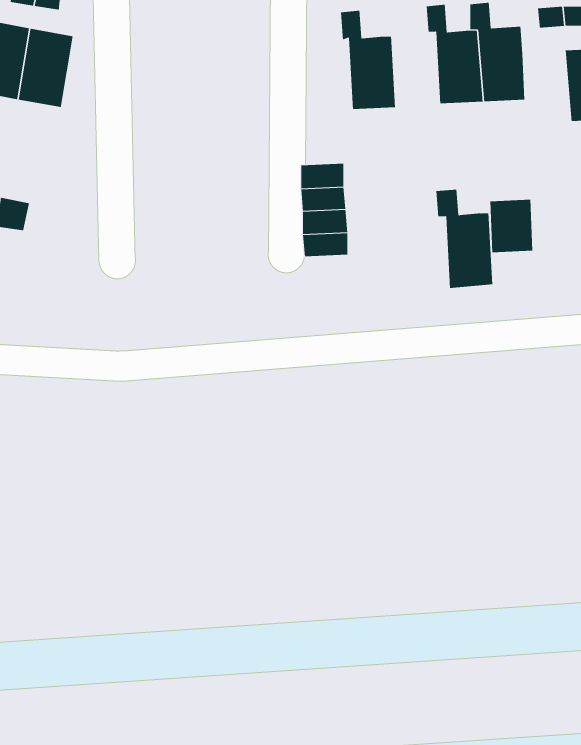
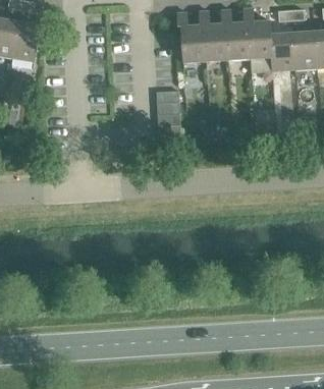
building: none -> [270,32,294,70]
building: [435,189,493,288] -> [198,10,227,61]

